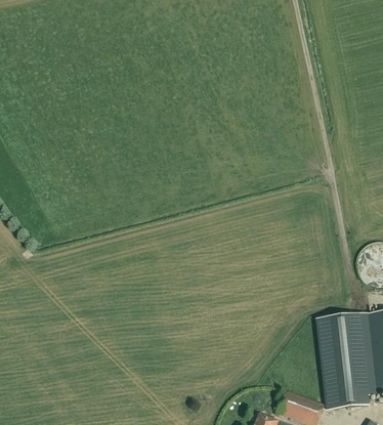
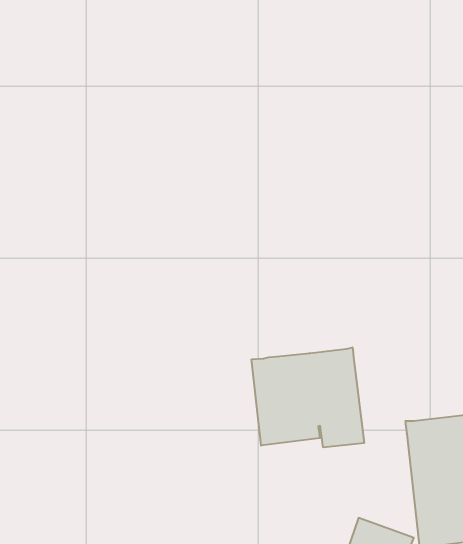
building: none -> [252,347,364,447]

